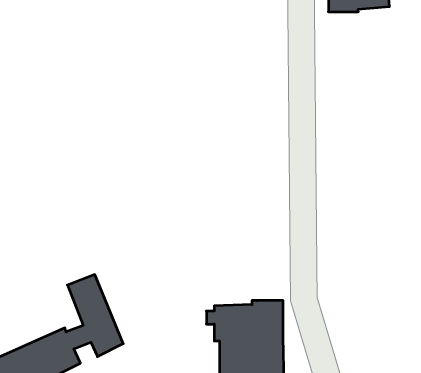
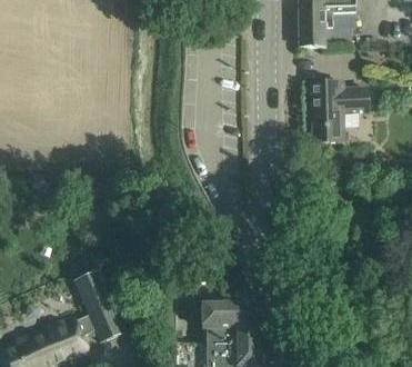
building: none -> [312,81,369,142]

